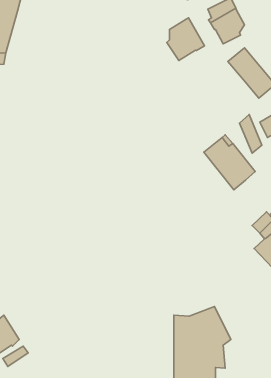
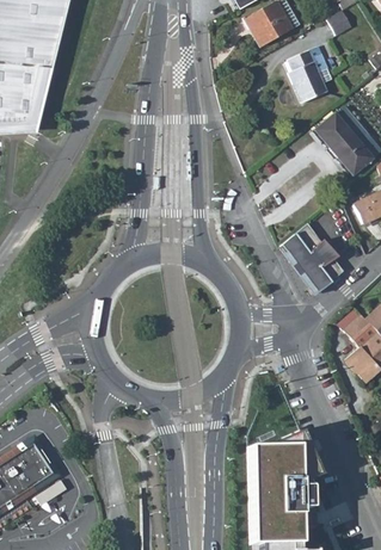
building: [167,18,205,60] -> none

